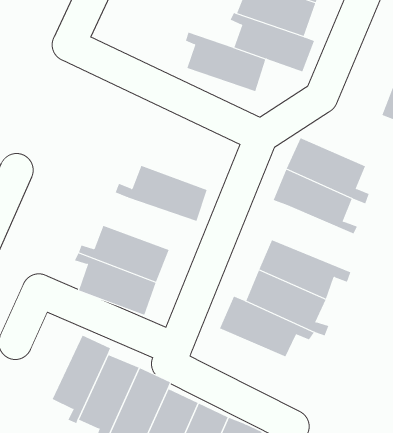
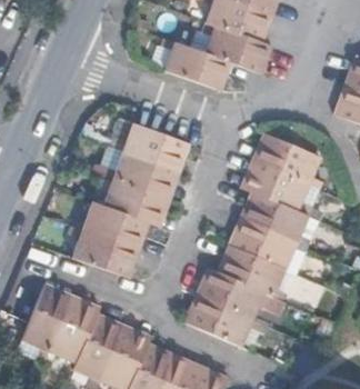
building: none -> [114,126,193,173]
building: none -> [94,180,173,229]
building: none -> [238,187,309,243]
building: none -> [22,283,77,361]
building: none -> [182,291,262,342]

